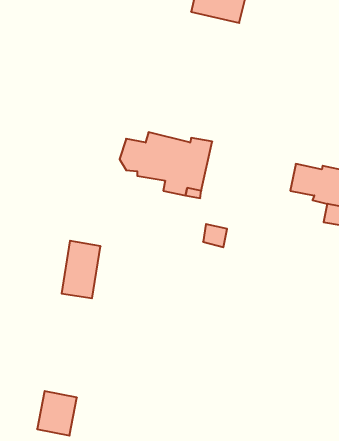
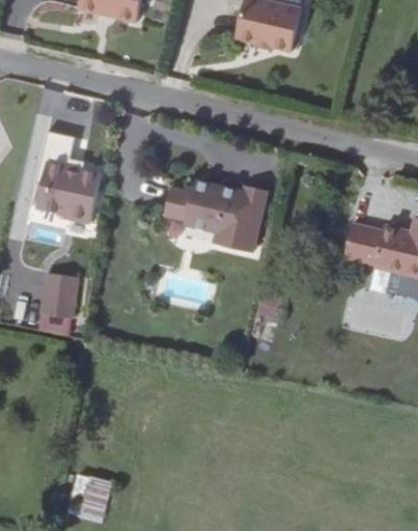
building: none -> [38,156,102,221]
building: [62,241,101,298] -> [34,269,78,333]

